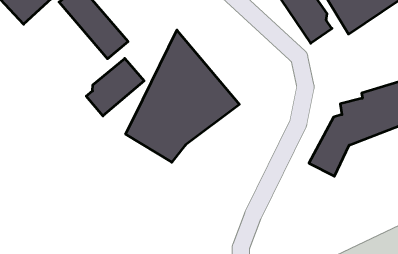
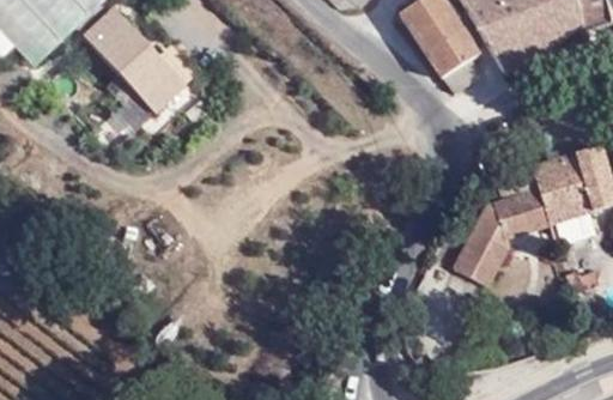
building: [126,30,239,162] -> none
building: [86,58,144,116] -> none

